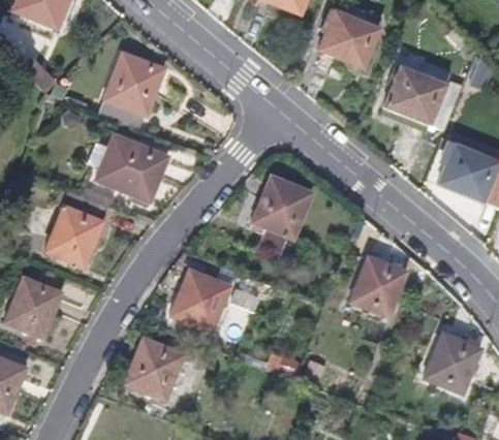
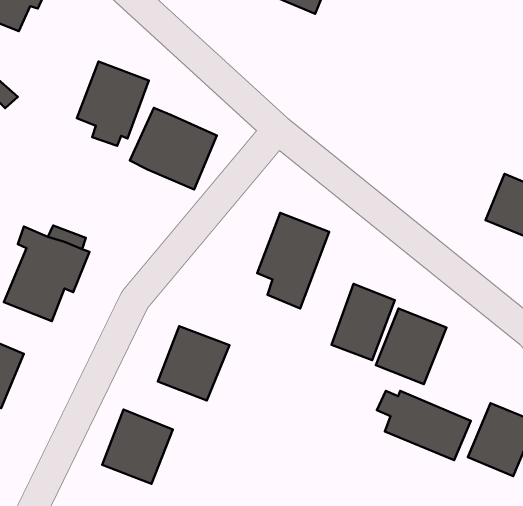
building: [318,10,380,67] -> none
building: [384,68,462,129] -> none
building: [96,134,167,201] -> [130,108,217,190]
building: none -> [331,284,395,360]
building: none -> [377,391,471,460]

